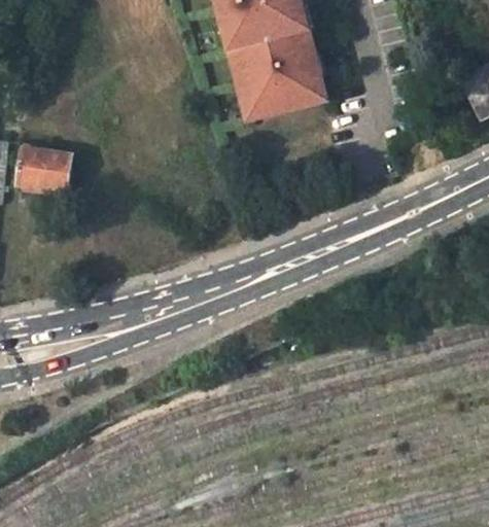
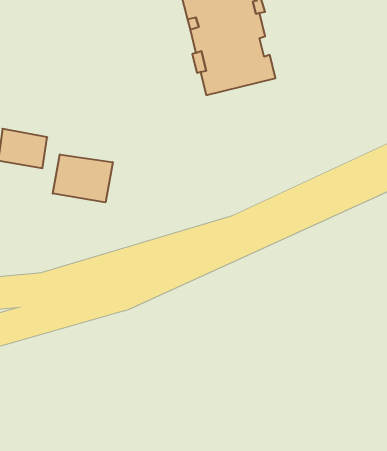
building: none -> [53,154,113,202]

